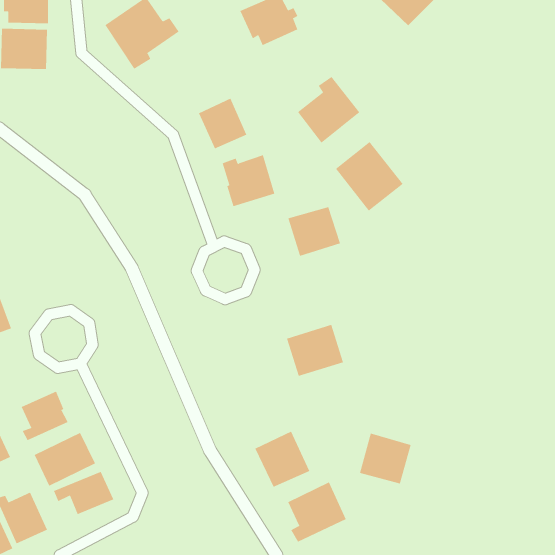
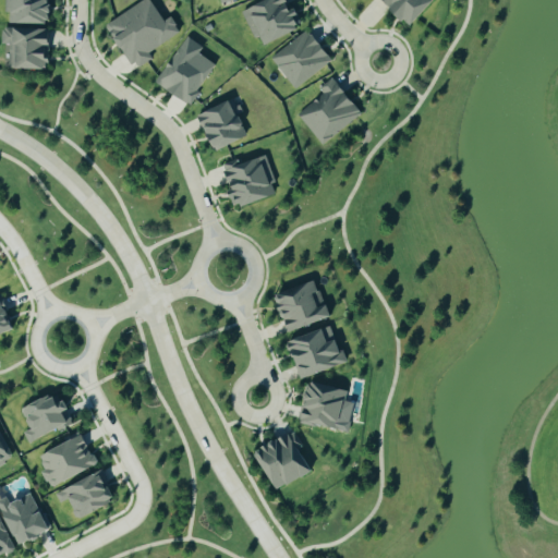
building: none -> [269,28,330,89]
building: none -> [155,36,215,105]
building: [335,141,403,211] -> none
building: [288,206,341,256] -> [275,280,328,330]
building: [359,433,411,484] -> [299,379,351,430]
building: [287,481,346,542] -> none

